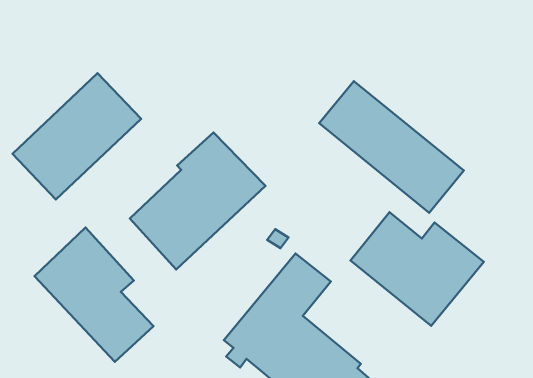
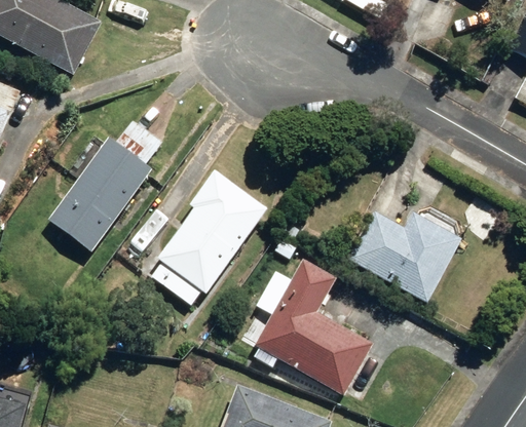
building: [319,81,464,213] -> none
building: [34,228,153,362] -> none

